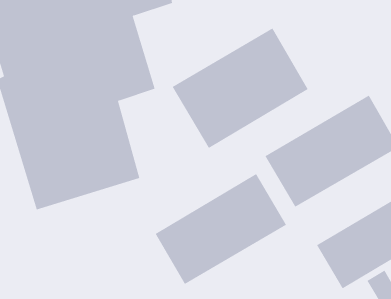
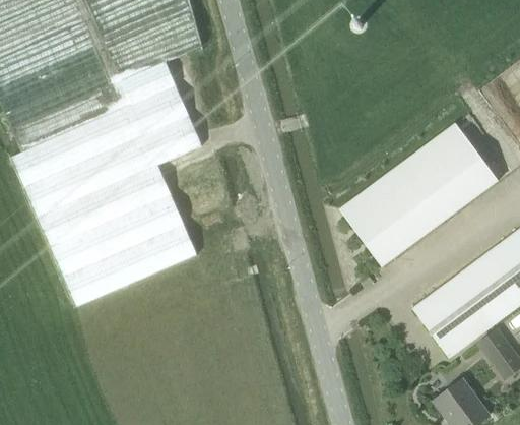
building: [172,28,308,149] -> none
building: [155,173,287,285] -> none

